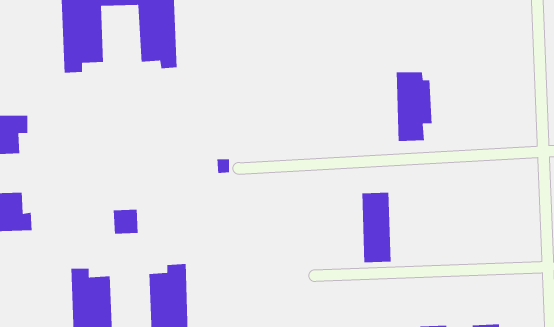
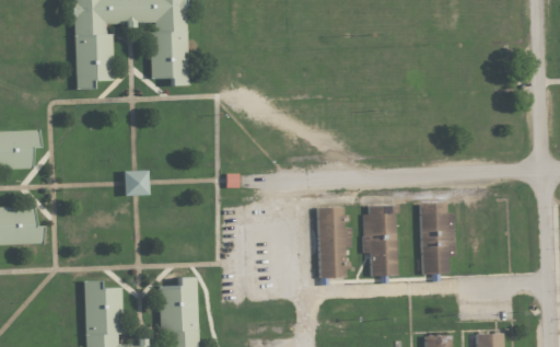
building: [396,72,433,142] -> [420,205,456,274]
building: none -> [316,207,348,279]
building: [113,209,139,234] -> [122,170,148,195]

